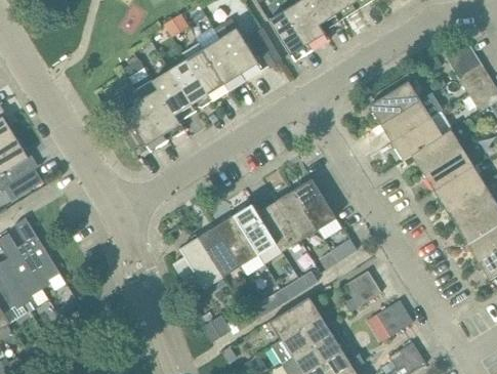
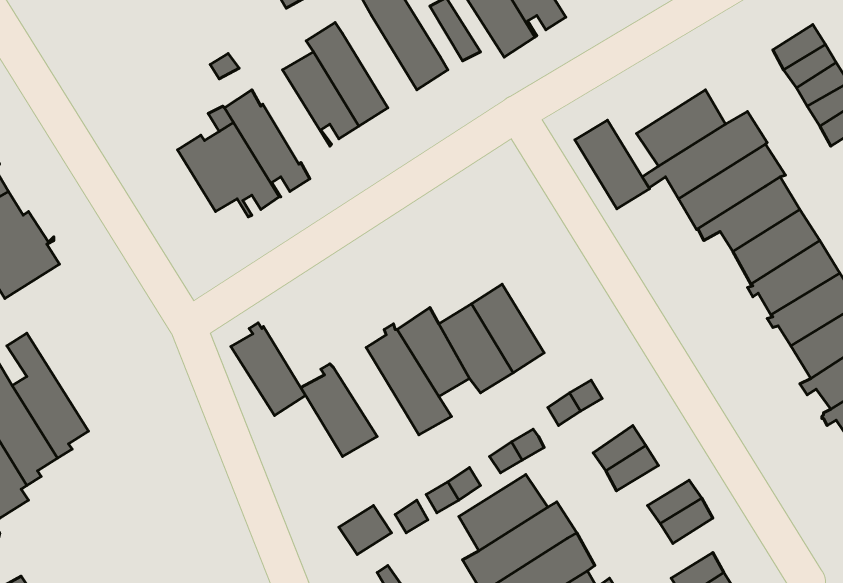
building: [203,38,245,90] -> none
building: [152,69,196,122] -> none
building: [293,178,335,228] -> [575,120,649,209]
building: [198,223,240,276] -> [231,323,305,415]

